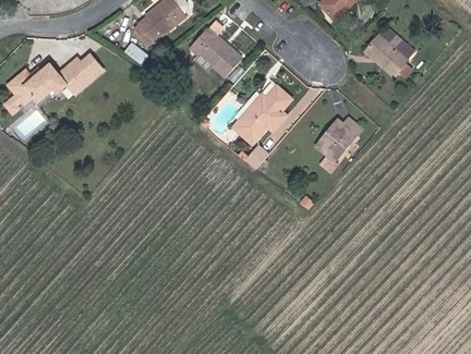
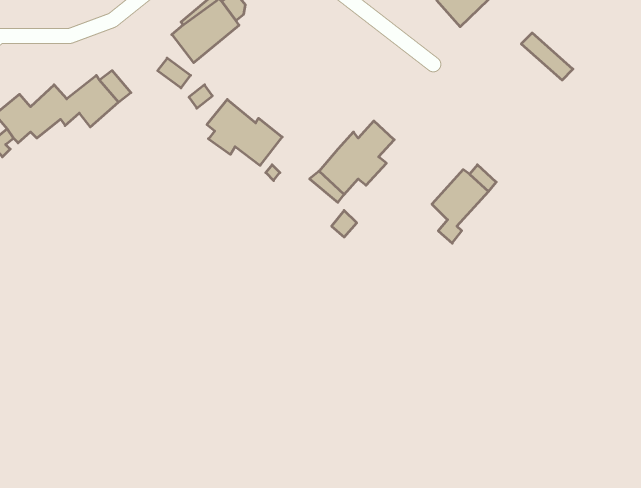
building: [184,35,237,81] -> [207,99,282,165]
building: [360,35,402,76] -> none

